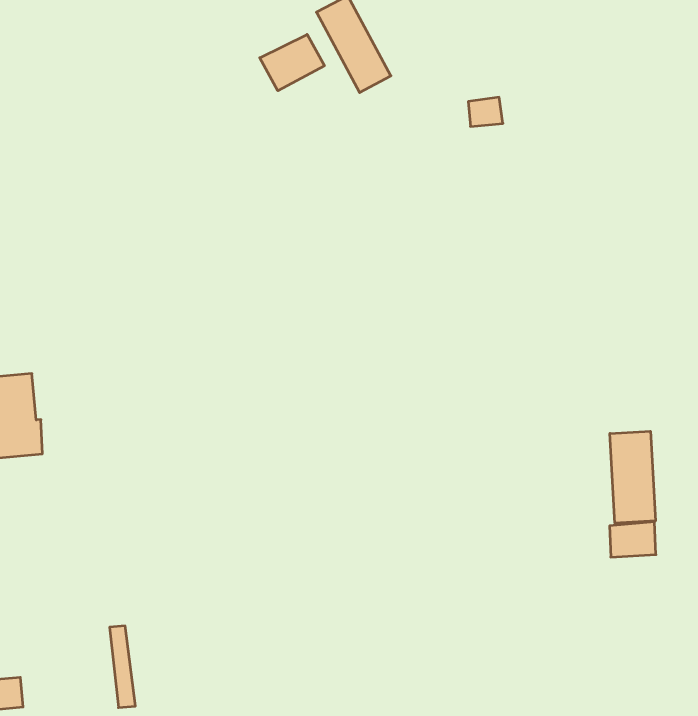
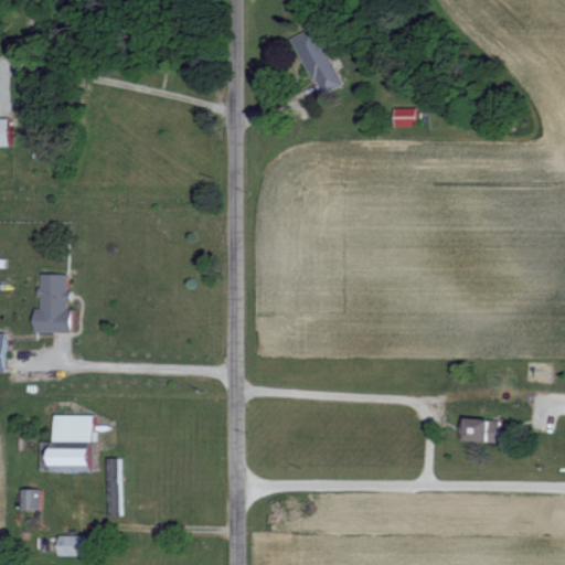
building: [260,34,324,91] -> none
building: [610,431,655,523] -> none
building: none -> [52,416,93,472]

